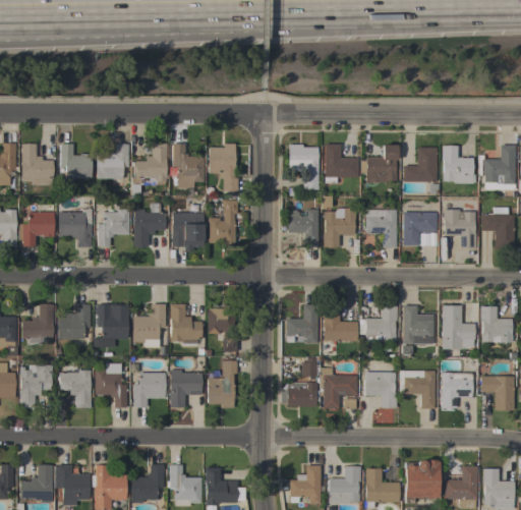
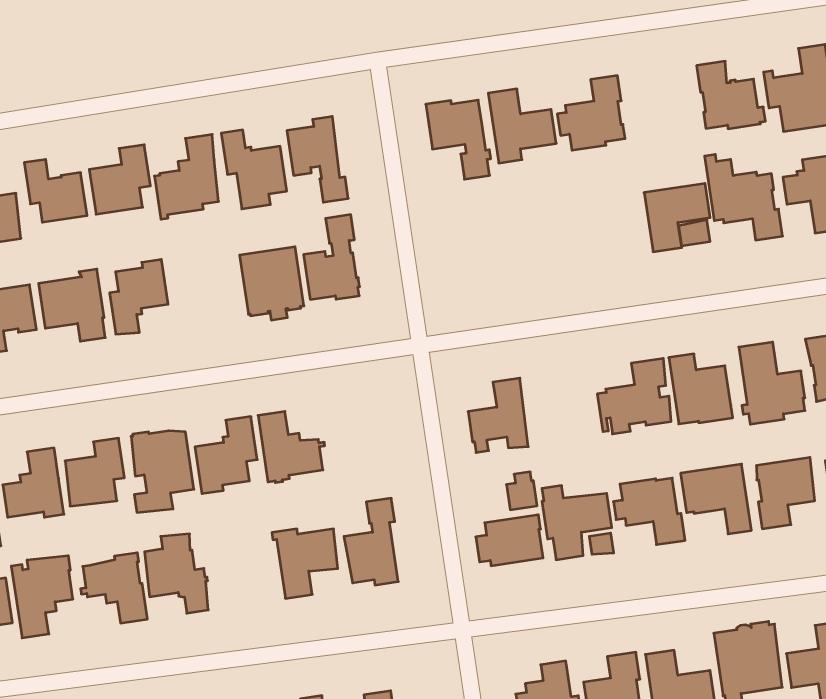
building: [404,147,438,181] -> none
building: [134,203,166,246] -> none
building: [324,208,356,246] -> none
building: [288,209,319,247] -> none
building: [366,210,397,247] -> none
building: [208,304,237,351] -> none
building: [324,307,358,341] -> none
building: [133,373,166,407] -> none

